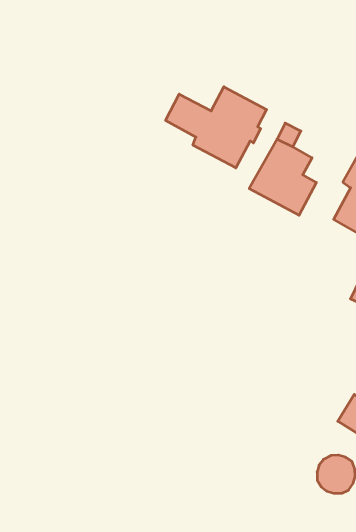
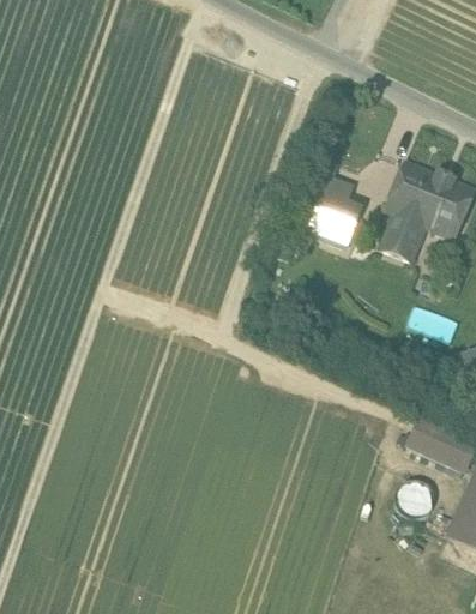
building: [166,87,267,168] -> none

